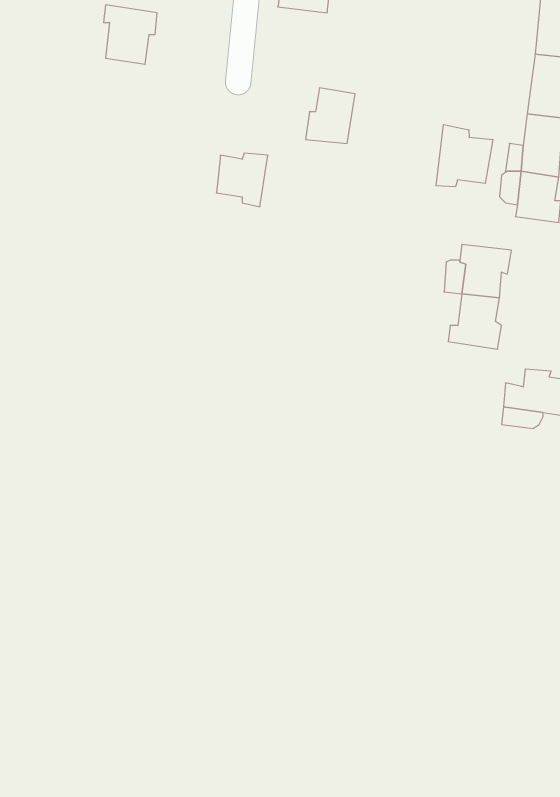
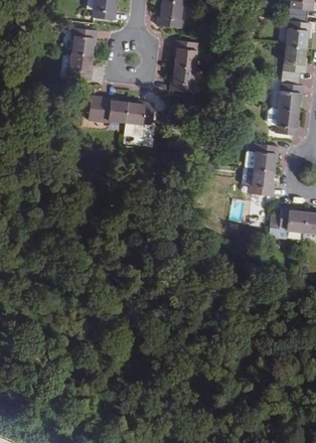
building: none -> [176,40,198,67]
building: none -> [62,49,90,78]
building: [436,125,493,187] -> none
building: none -> [87,91,127,120]

